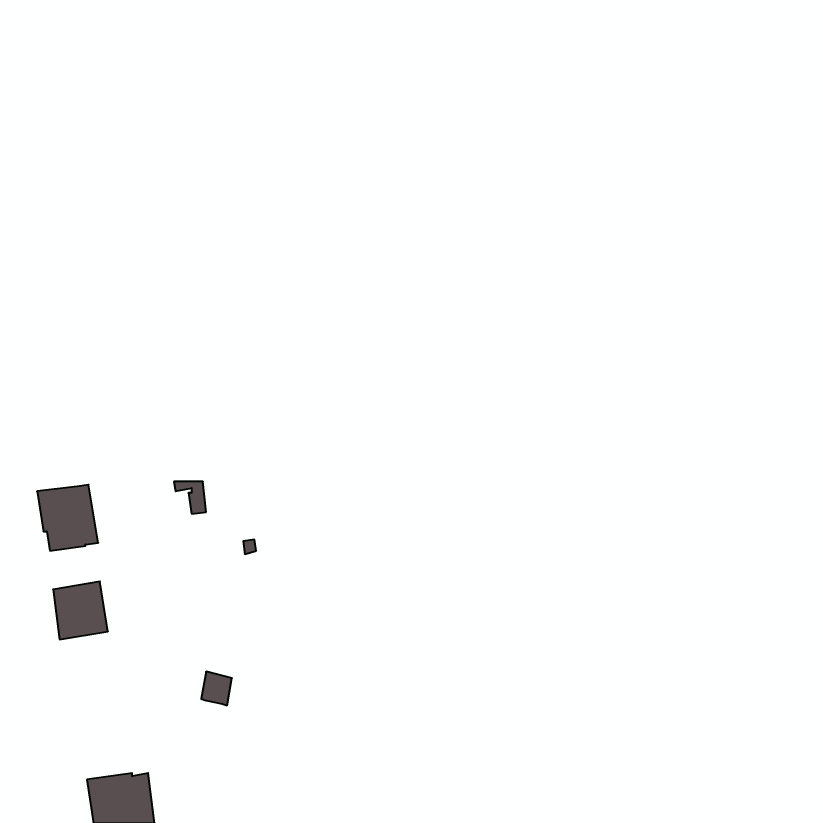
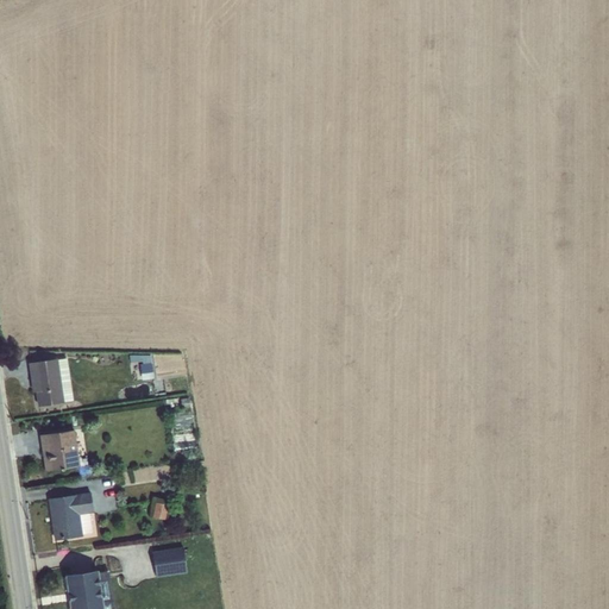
building: none -> [48,492,93,541]
building: none -> [151,547,186,577]

